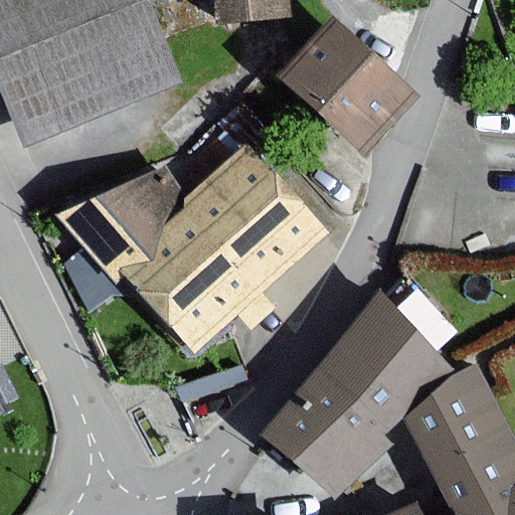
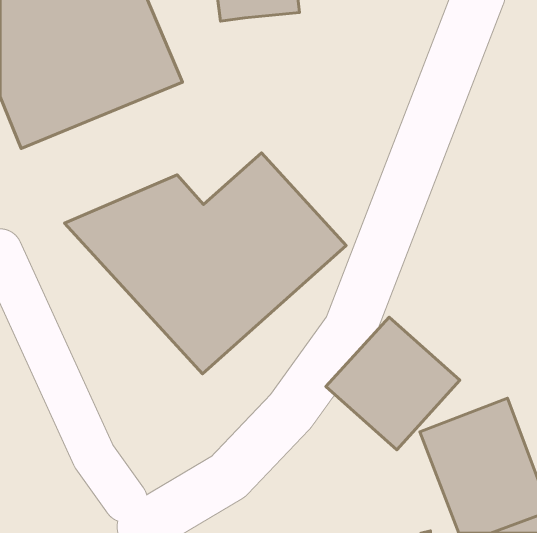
building: [291,19,416,142] -> none
building: [255,369,381,499] -> none

